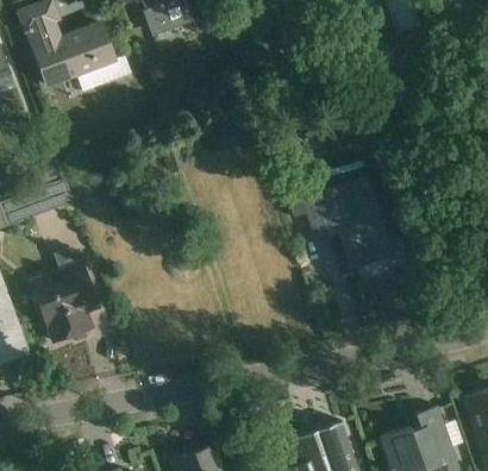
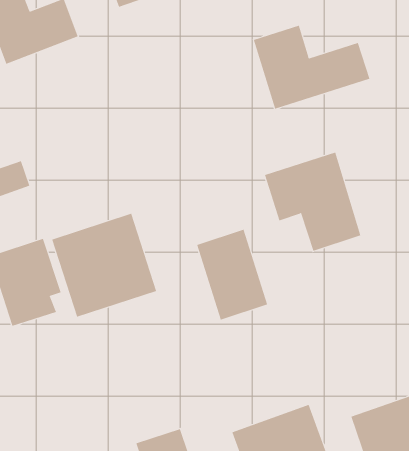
building: none -> [253,25,370,109]
building: none -> [52,213,157,318]
building: none -> [196,229,268,320]

